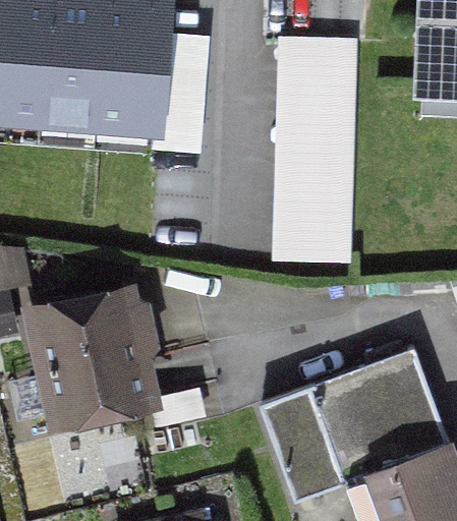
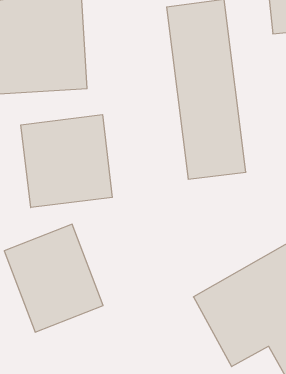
building: none -> [21,115,112,208]

